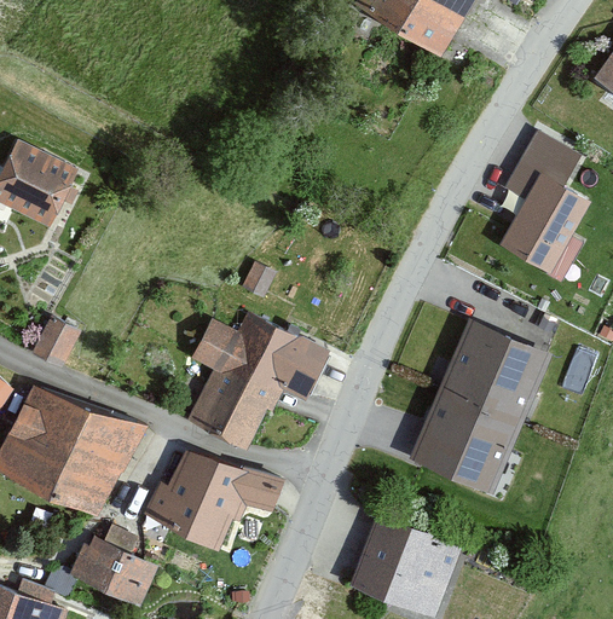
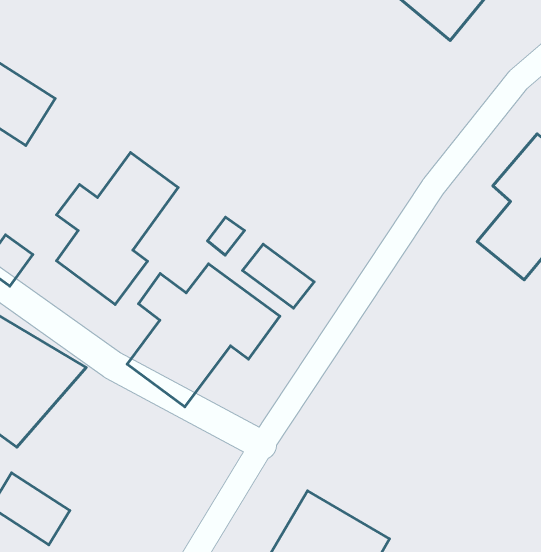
building: none -> [56,153,178,304]
building: none -> [243,244,314,308]
building: [411,319,553,493] -> none
building: [143,442,278,543] -> none

